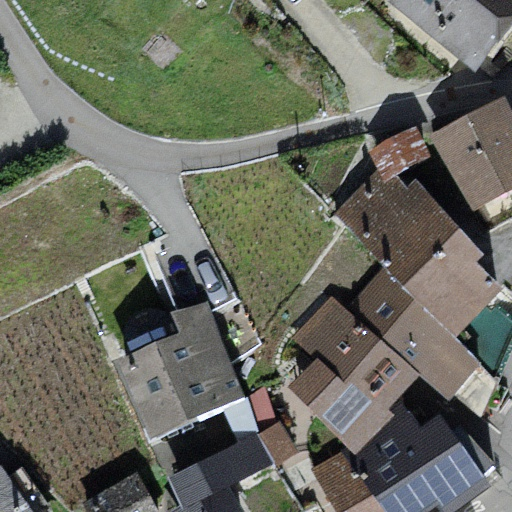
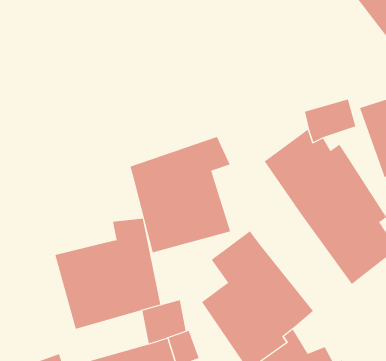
building: none -> [130,136,231,253]
building: [344,267,482,399] -> none

